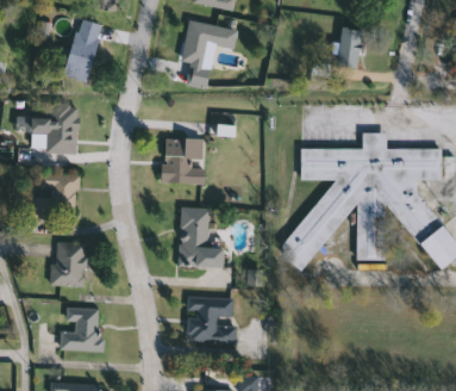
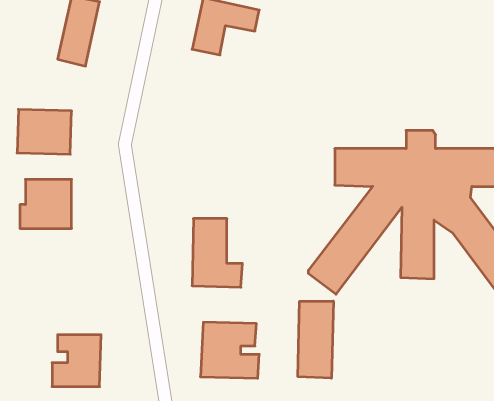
building: [336,26,363,68] -> none
building: [162,137,205,184] -> none
building: [54,242,86,285] -> none
building: none -> [298,301,333,378]

